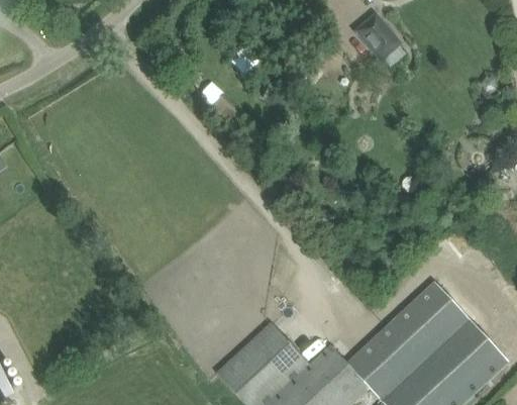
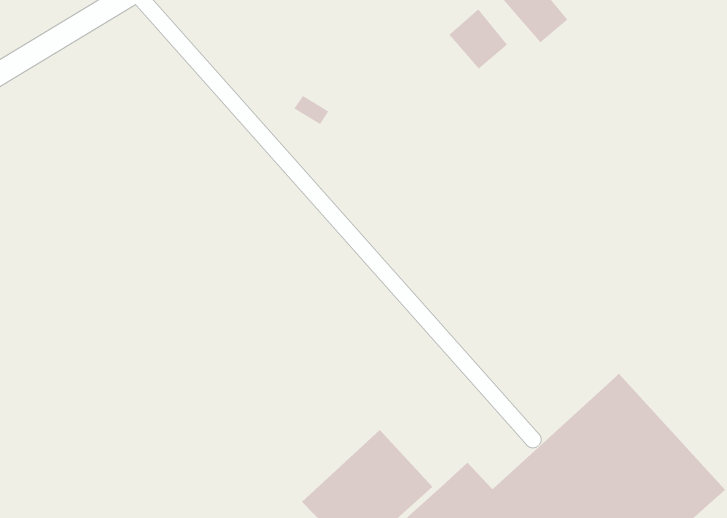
building: none -> [448,8,508,70]

